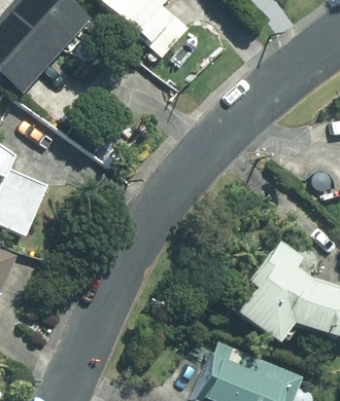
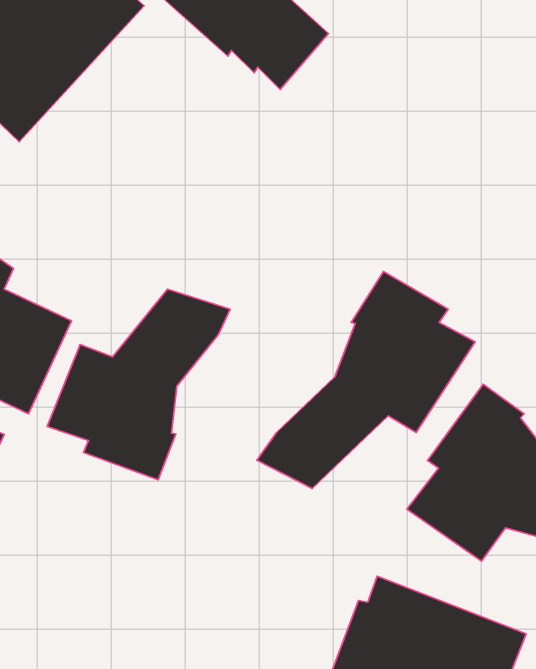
building: none -> [257,271,475,489]
building: none -> [47,289,230,480]

